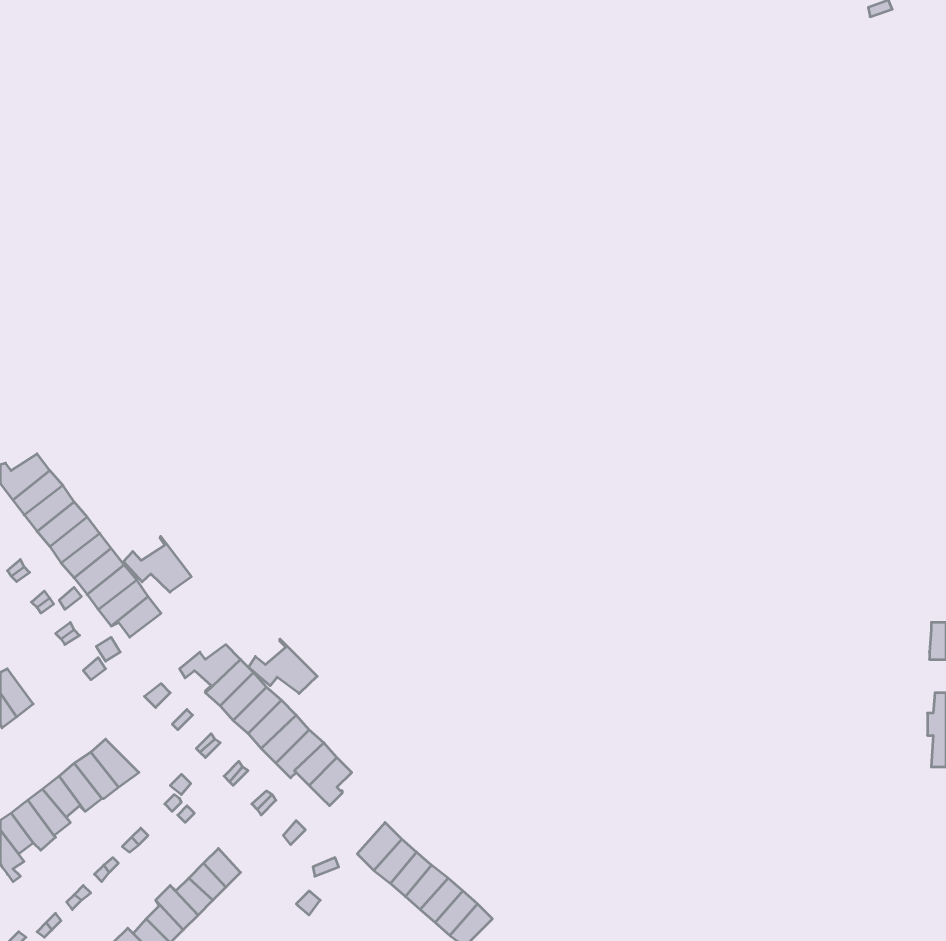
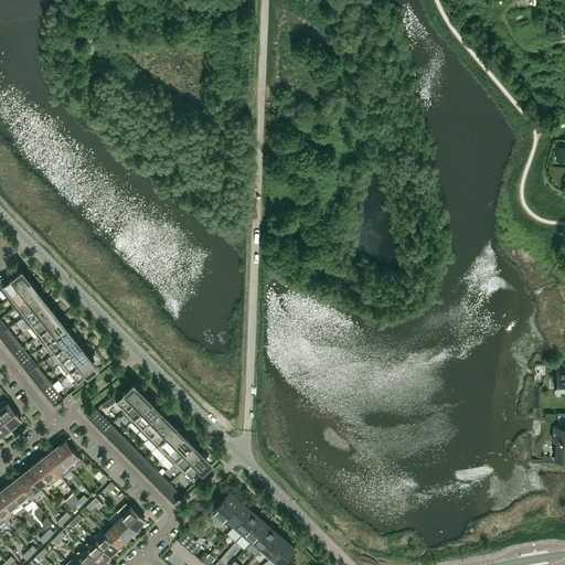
building: [124,536,191,592] -> none
building: [248,639,317,694] -> none

